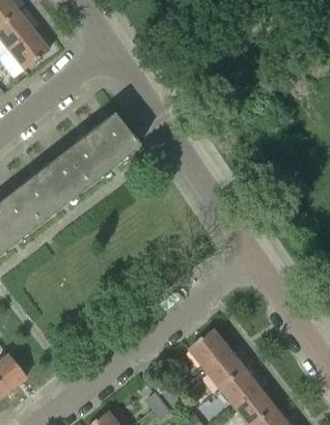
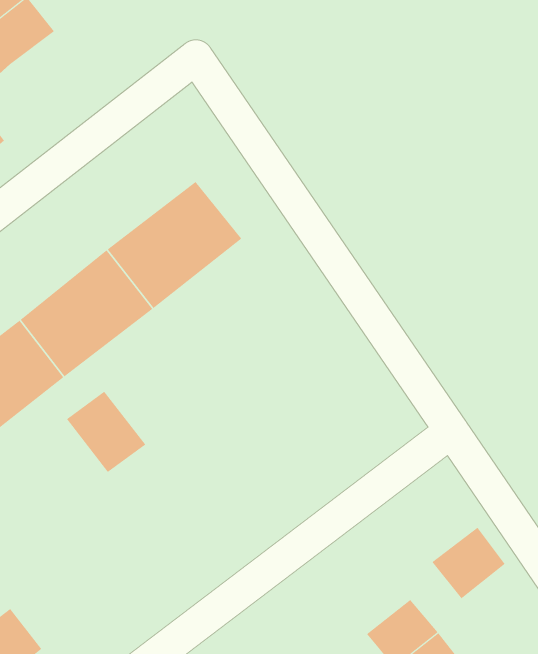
building: [7,32,48,72] -> none
building: none -> [66,391,146,473]
building: [190,330,231,370] -> [432,527,506,599]

